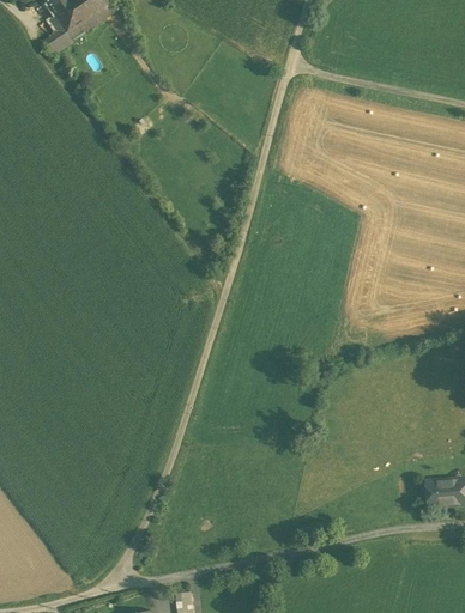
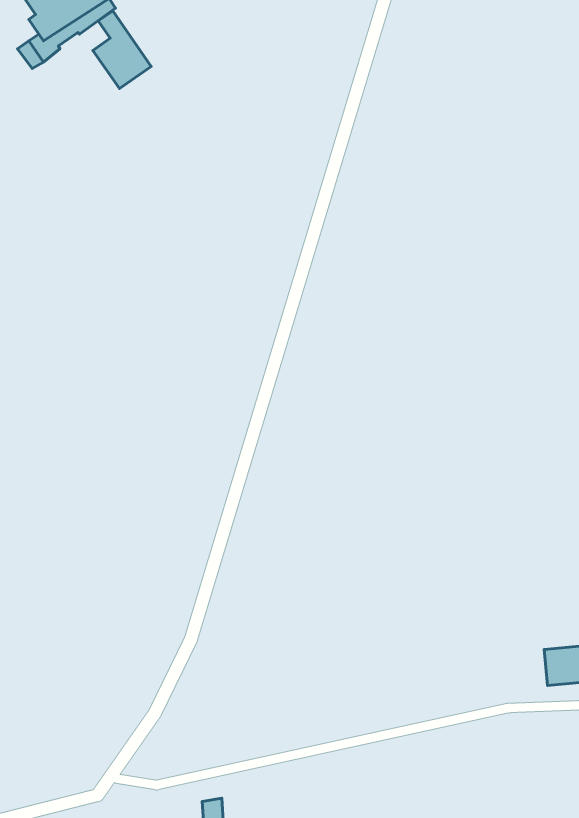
building: none -> [93,11,151,89]

